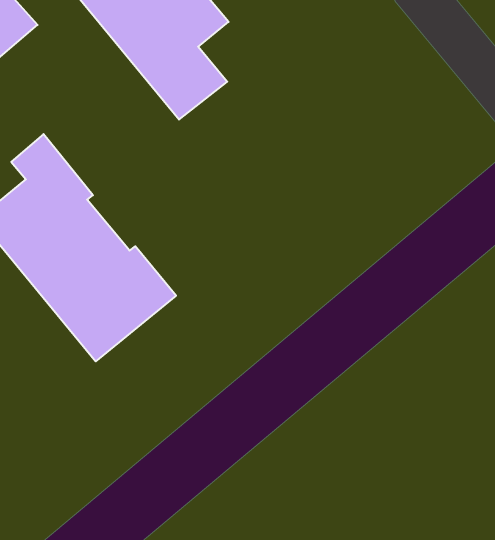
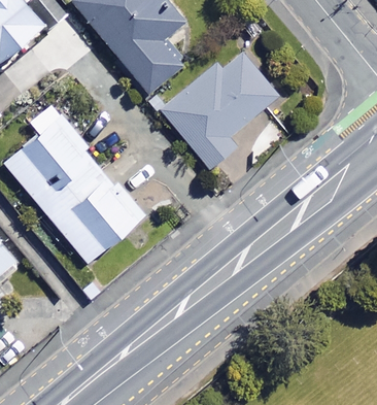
building: none -> [161,44,281,170]

